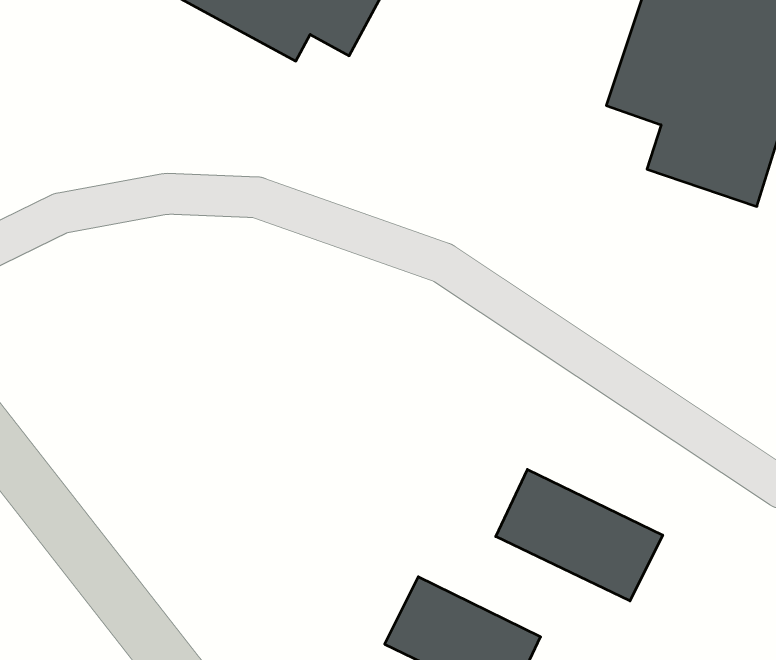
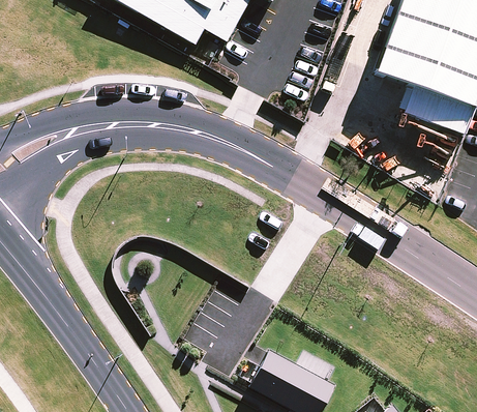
building: [496,469,663,601] -> none

